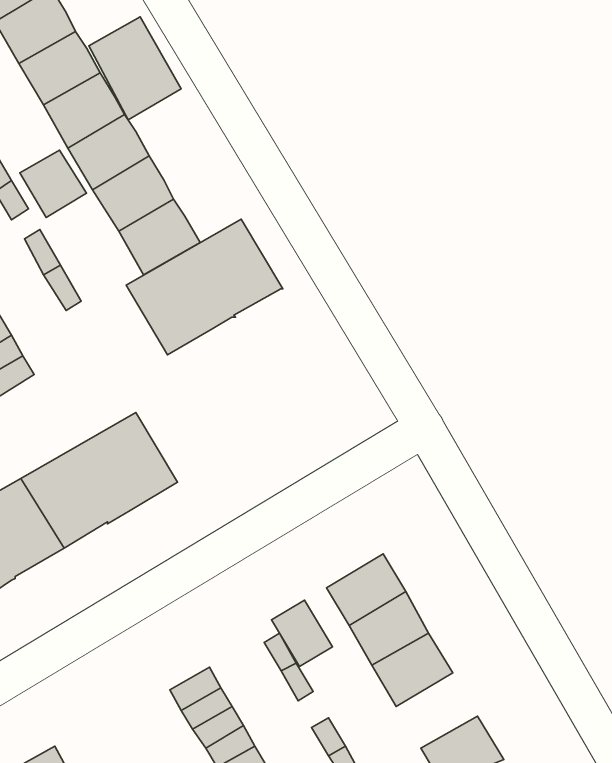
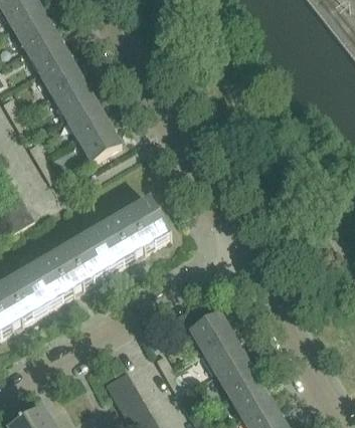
building: [89,17,181,120] -> none
building: [20,150,87,217] -> none
building: [126,219,283,355] -> [86,197,170,269]
building: [271,600,332,666] -> none
building: none -> [225,371,269,411]

